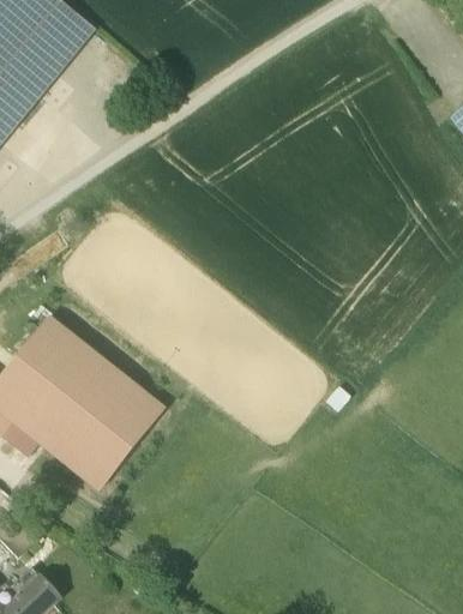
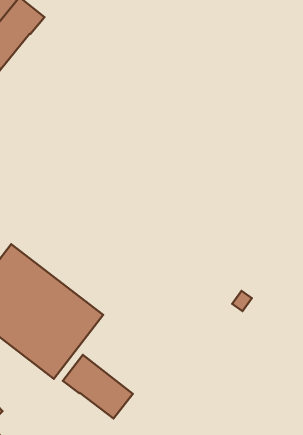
building: none -> [63,355,133,419]

